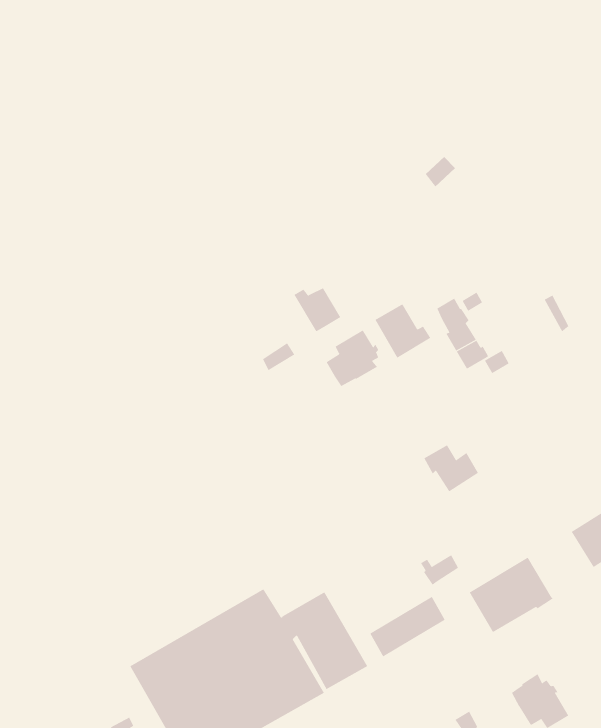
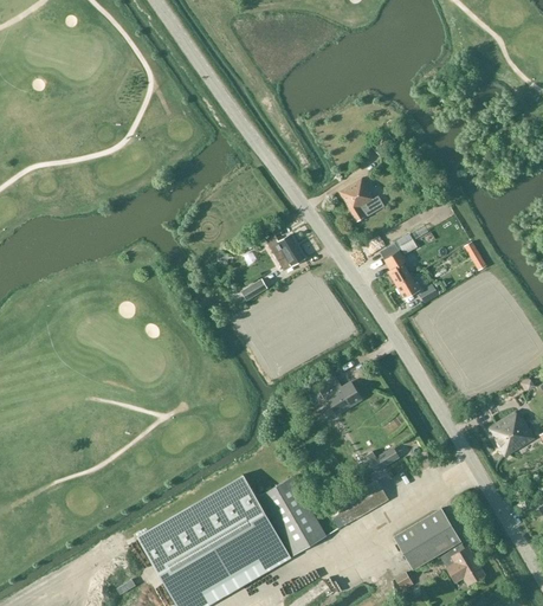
building: [374,303,431,359] -> [340,179,384,223]
building: [326,329,379,387] -> none
building: [424,445,479,492] -> [317,376,361,414]
building: [469,557,554,633] -> [394,509,461,569]

